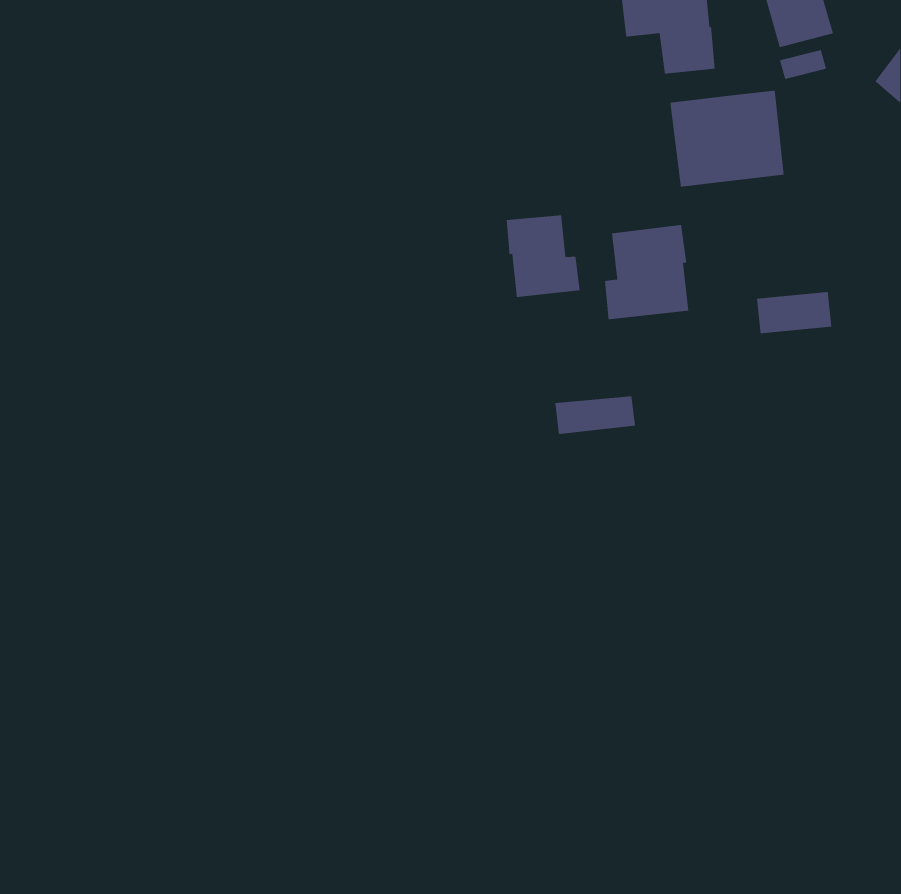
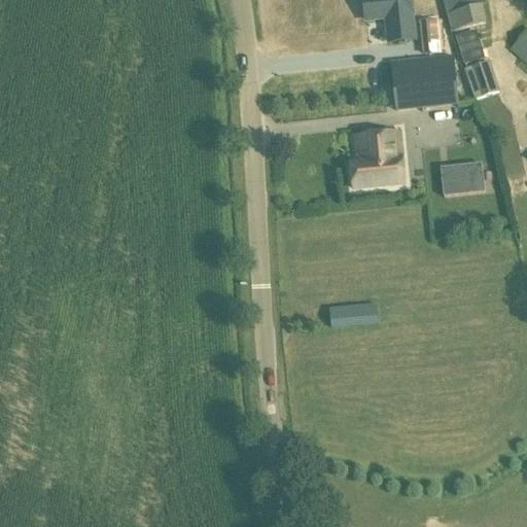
building: none -> [465,60,497,96]
building: [506,215,580,298] -> none
building: [555,396,636,435] -> [330,303,378,325]

